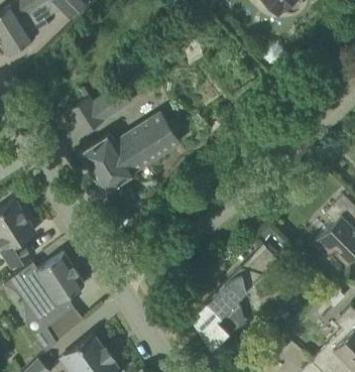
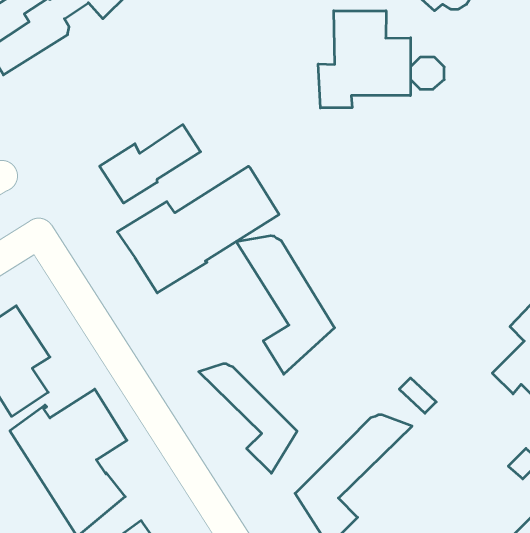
building: none -> [318,11,411,108]
building: none -> [236,236,335,374]
building: none -> [199,364,297,473]

